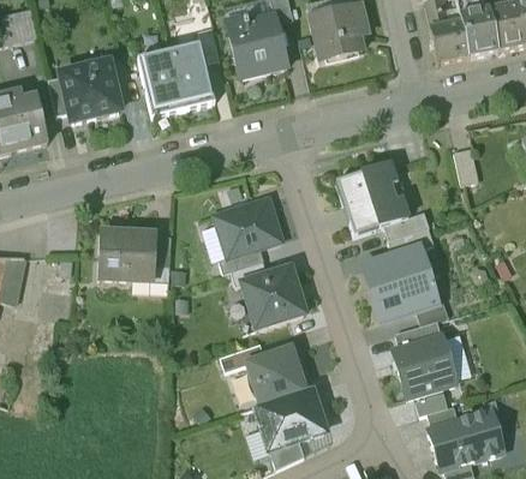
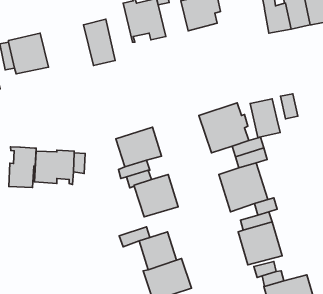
building: [136,49,183,115] -> none
building: none -> [250,99,280,138]
building: none -> [9,147,36,188]

